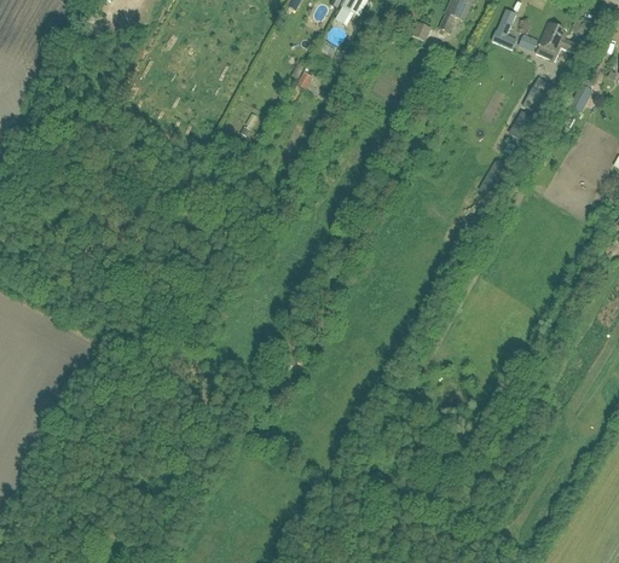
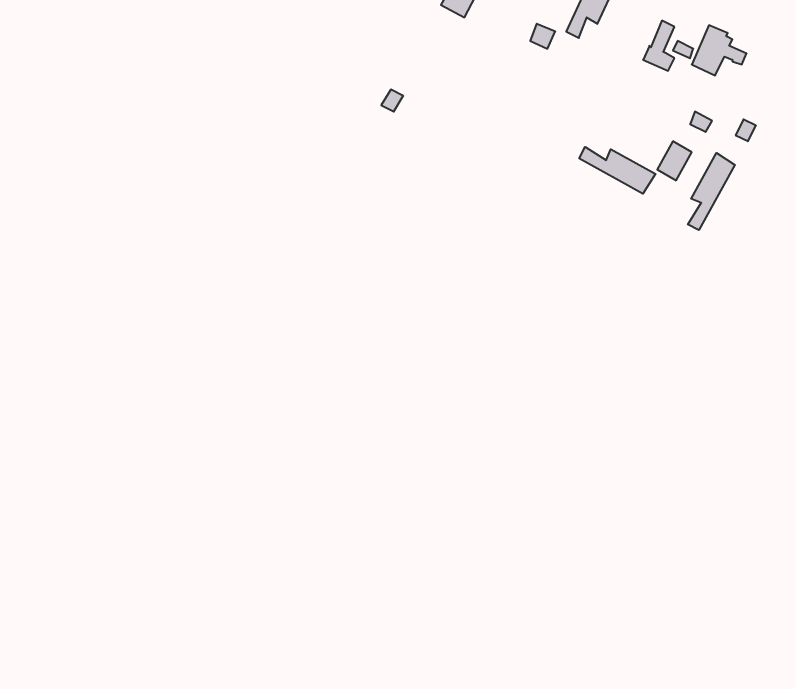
building: none -> [579,147,656,194]
building: none -> [688,153,735,230]

